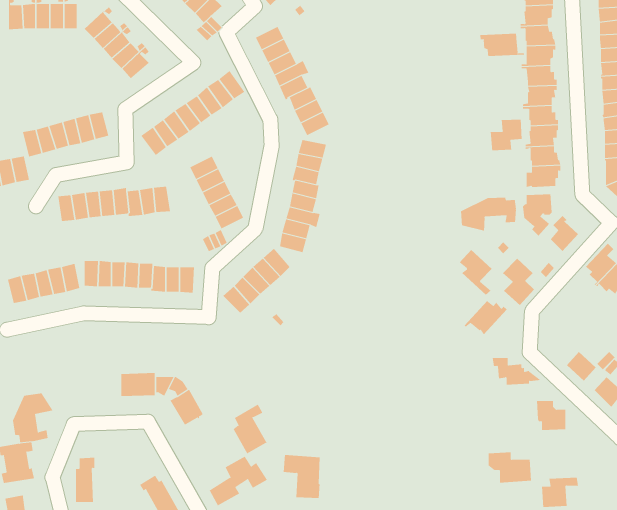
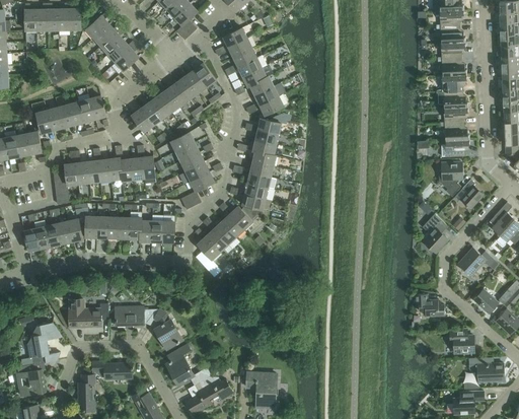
building: [480,33,524,57] -> none
building: [490,119,522,151] -> none
building: [461,197,516,231] -> none
building: [459,249,492,295] -> none
building: none -> [456,247,495,276]
building: [464,300,507,335] -> none
building: none -> [69,299,108,327]
building: [233,404,273,454] -> [166,344,199,385]
building: none -> [92,361,133,379]
building: [488,452,532,483] -> [468,357,504,382]

